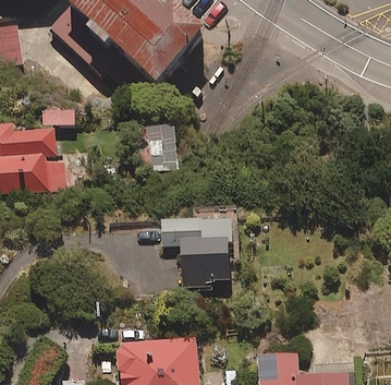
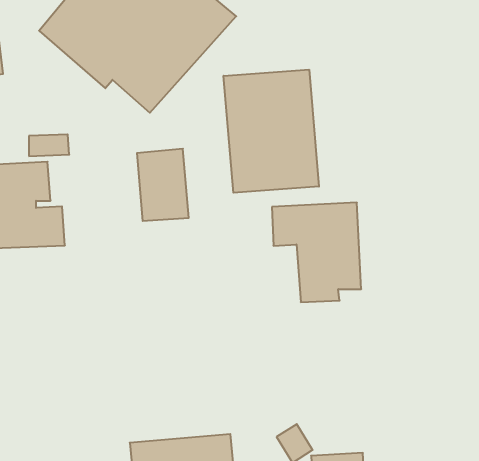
building: none -> [224,70,319,193]
building: [161,214,229,289] -> [272,203,361,302]

